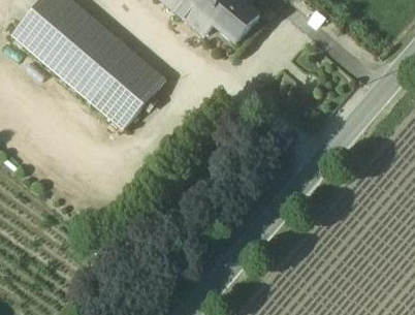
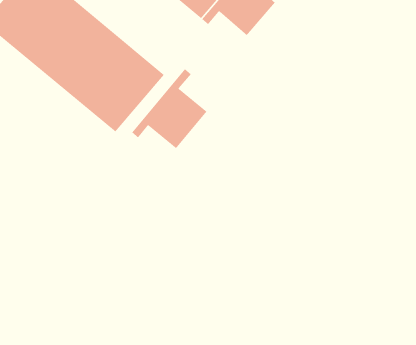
building: none -> [131,68,208,149]

